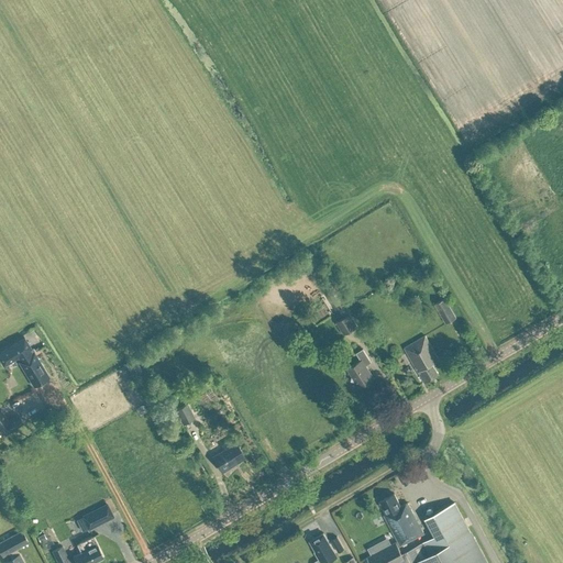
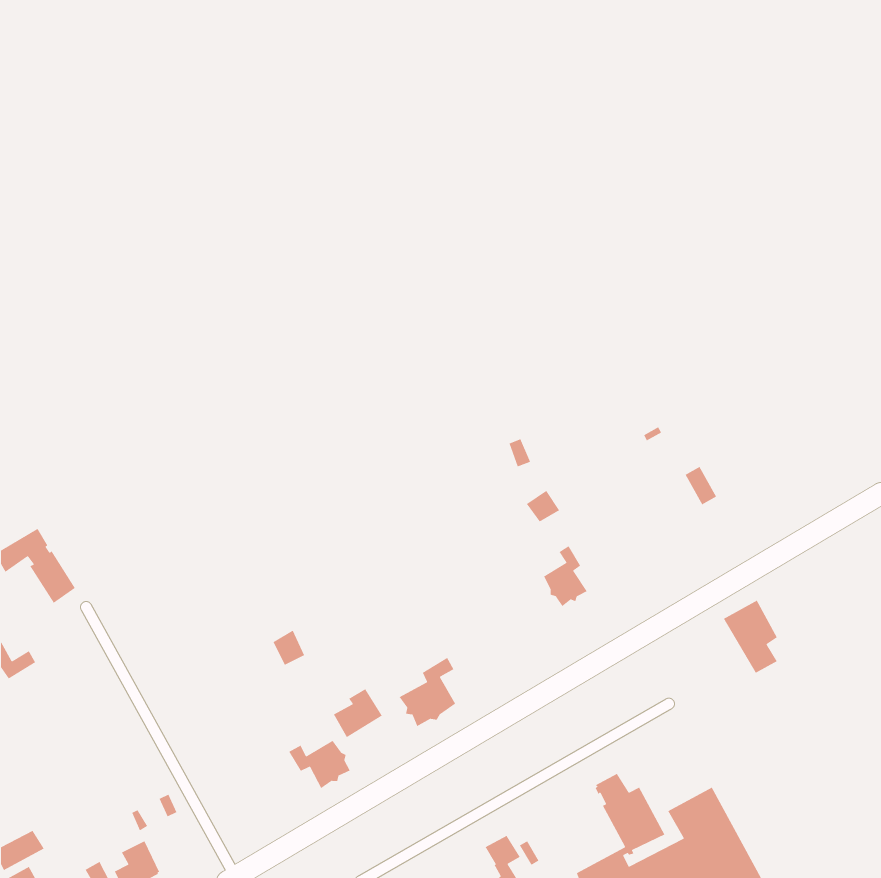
building: [404,336,439,384] -> [723,600,778,674]
building: none -> [399,657,456,727]
building: none -> [288,740,351,789]

